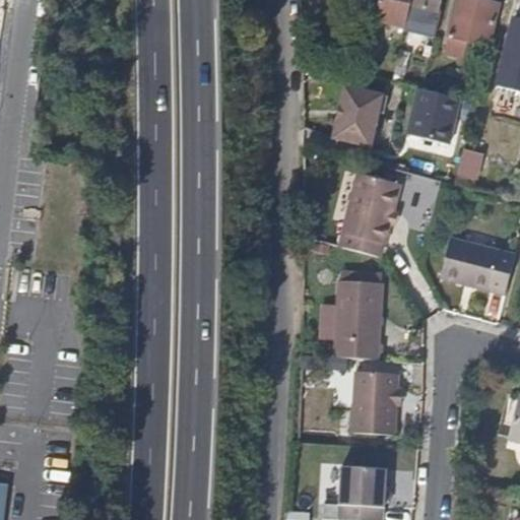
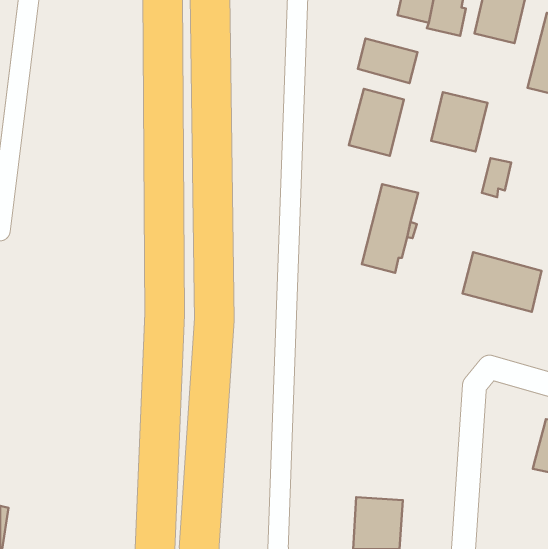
building: none -> [358,39,418,83]
building: [332,279,381,360] -> none
building: [350,371,396,435] -> none

